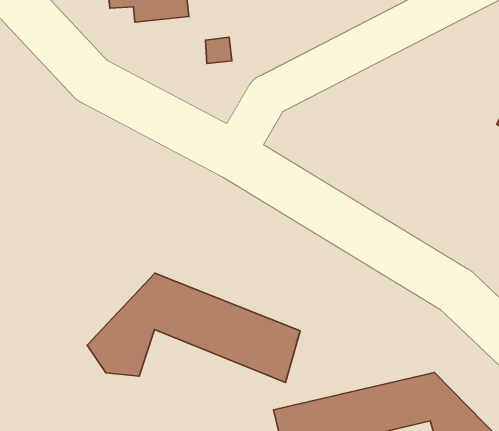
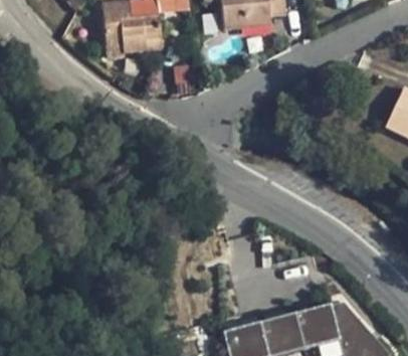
building: [87,273,300,383] -> none

